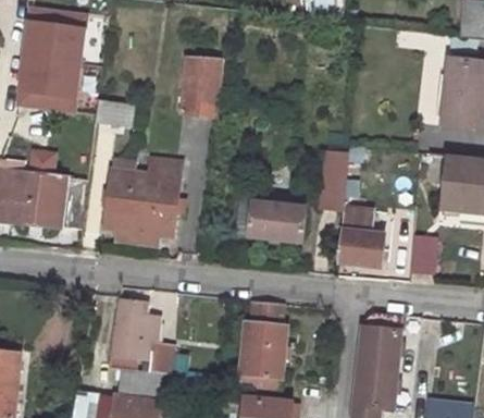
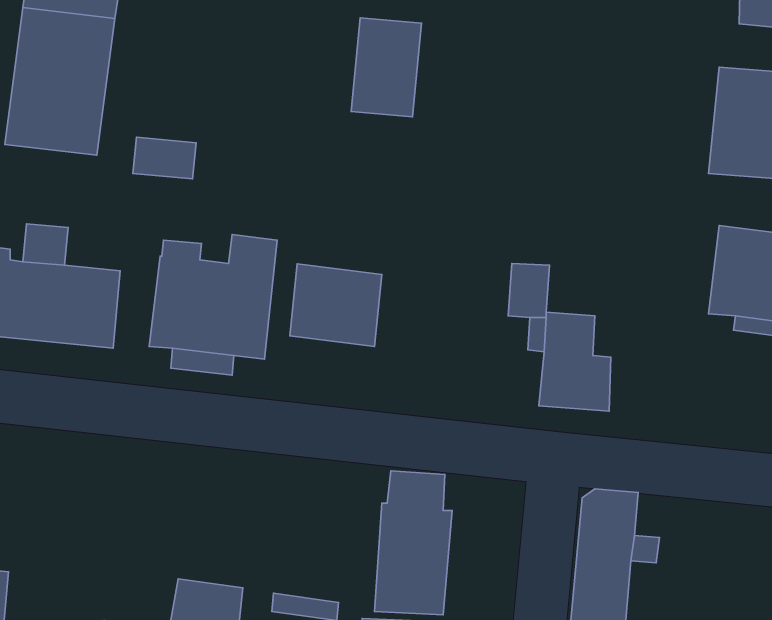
building: [178,59,221,119] -> [351,18,421,117]
building: [249,193,305,243] -> [290,264,382,347]
building: [410,232,438,273] -> none
building: [108,302,173,374] -> none

